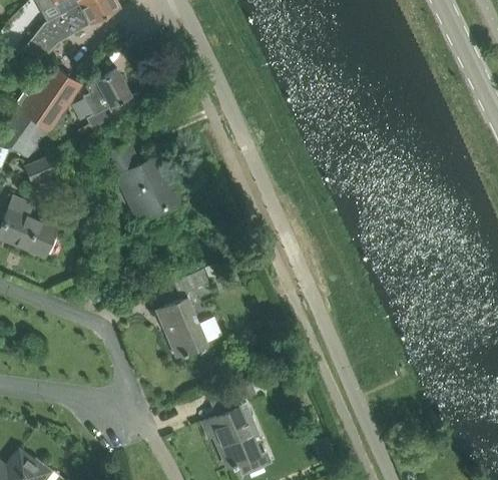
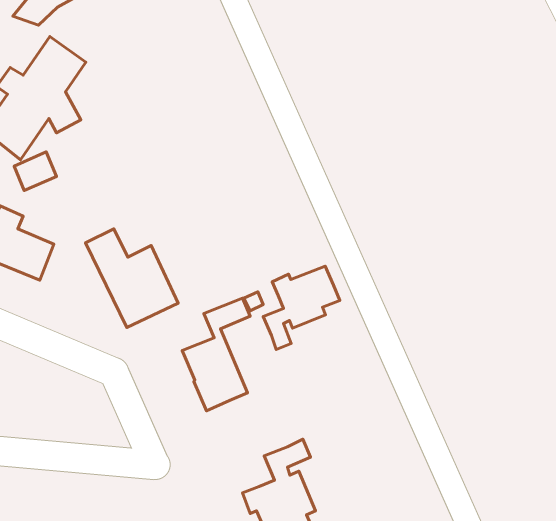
building: [83,70,130,115] -> none
building: [105,143,177,220] -> [86,229,178,328]
building: none -> [263,266,340,349]

